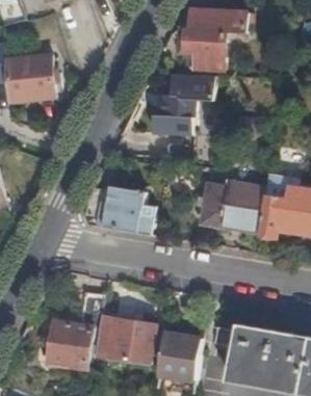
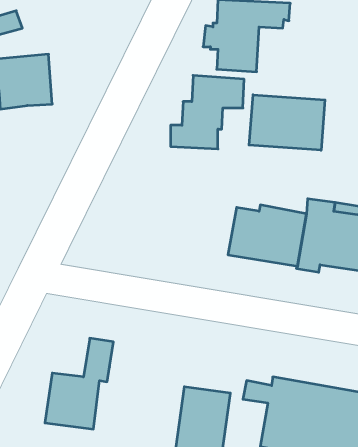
building: none -> [249,95,325,150]
building: [85,187,157,234] -> none
building: [97,316,155,363] -> none

